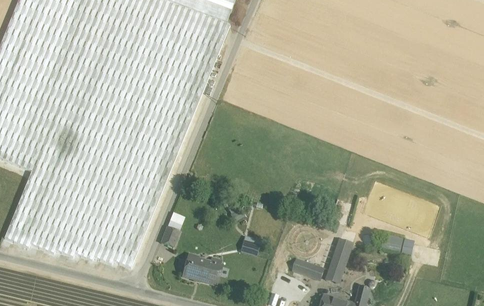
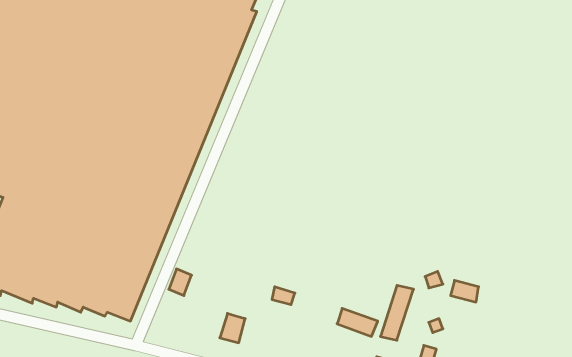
building: [182,256,206,280] -> none

